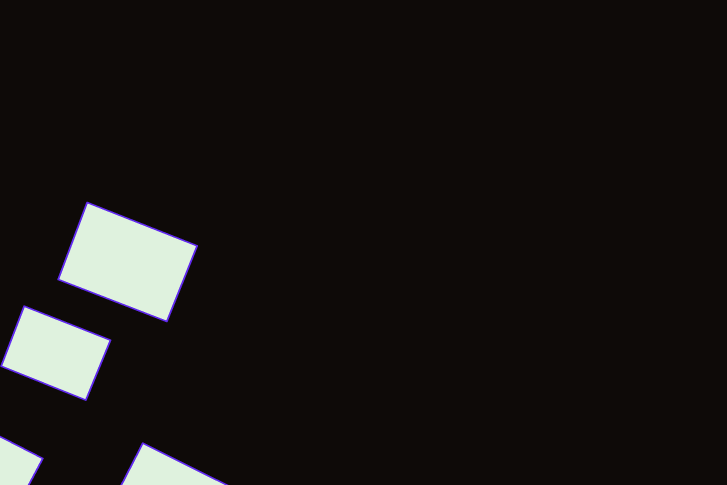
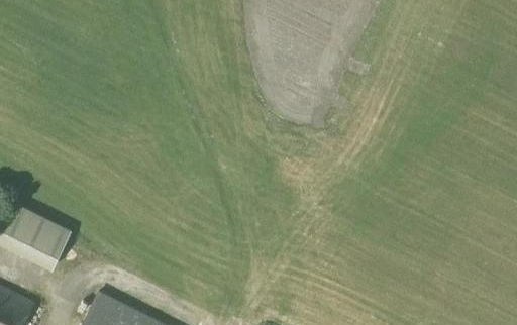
building: [58,203,197,322] -> none

